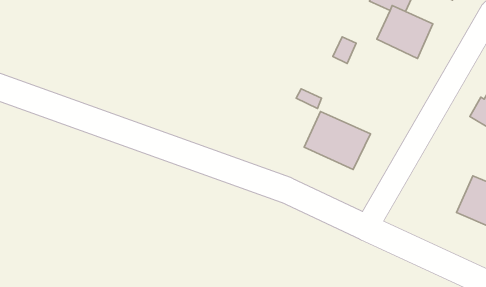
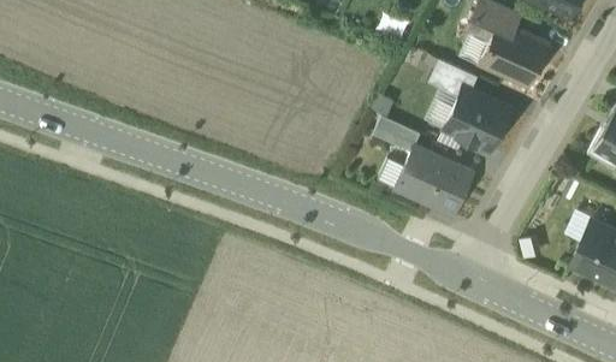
building: none -> [444,88,509,150]

